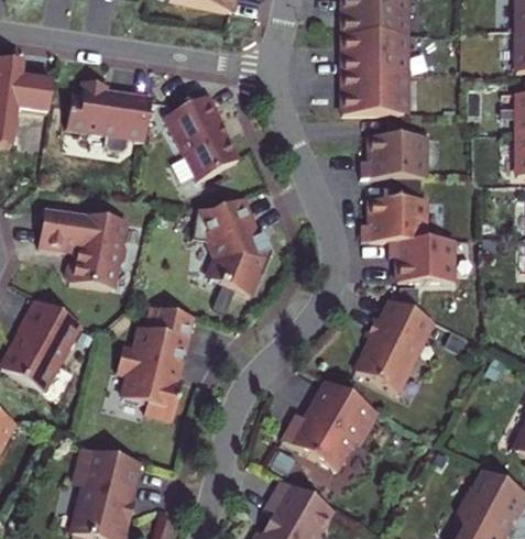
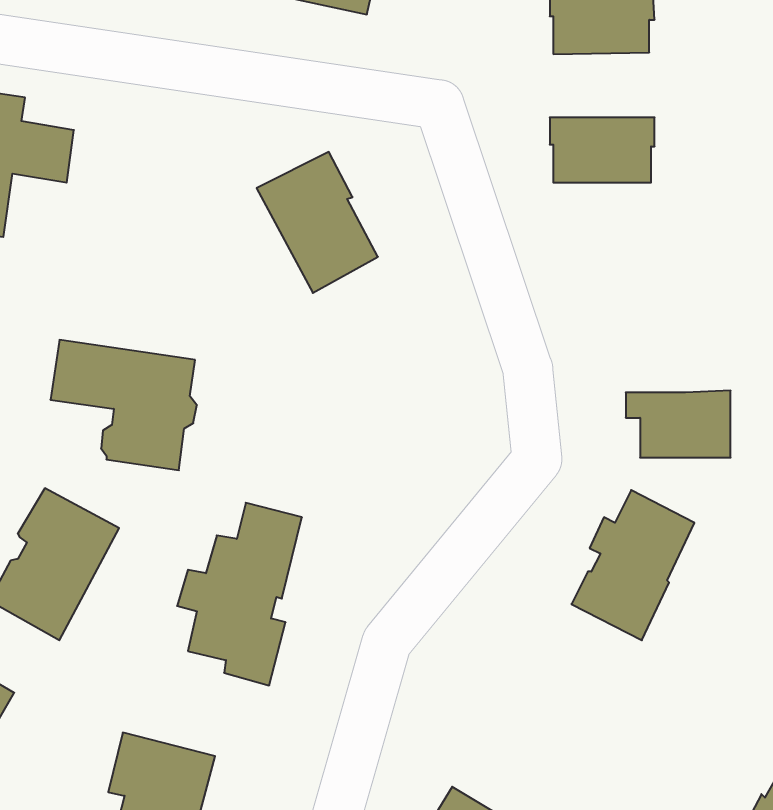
building: [342,32,406,72] -> none
building: [66,79,151,150] -> none
building: [361,133,425,175] -> none
building: [192,196,272,293] -> none
building: [361,197,425,239] -> none
building: [282,378,378,469] -> none

